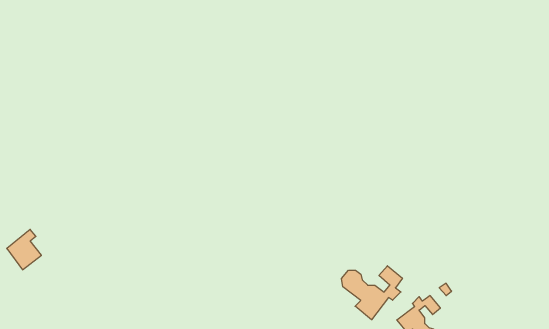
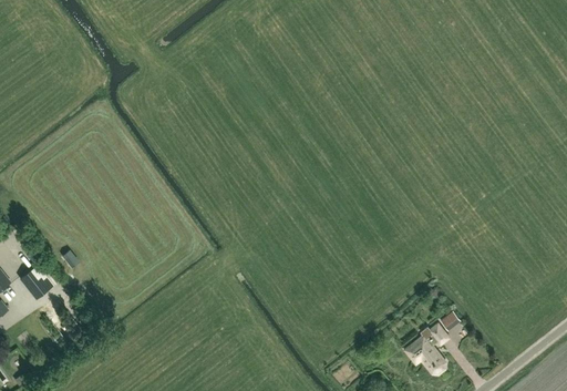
building: [342,266,402,320] -> none

